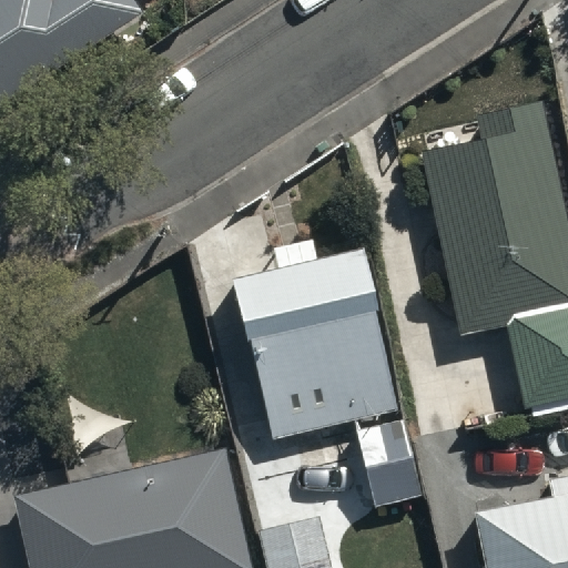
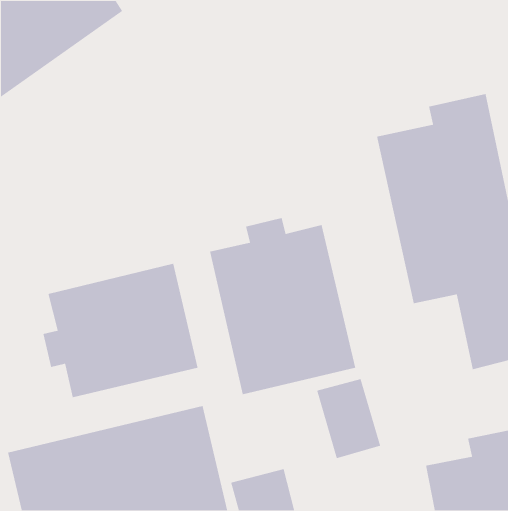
building: none -> [43,263,199,398]

